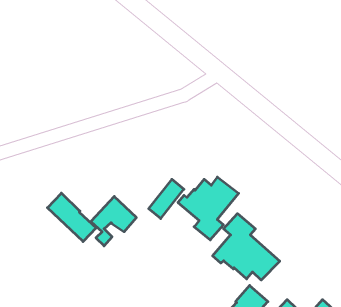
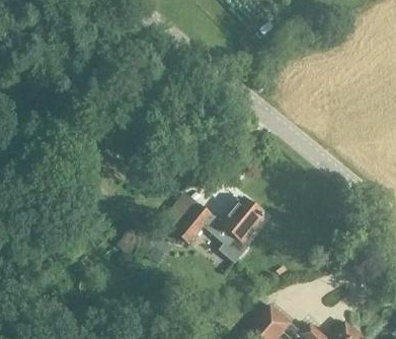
building: [47,193,96,242] -> none
building: [213,214,280,280] -> none

